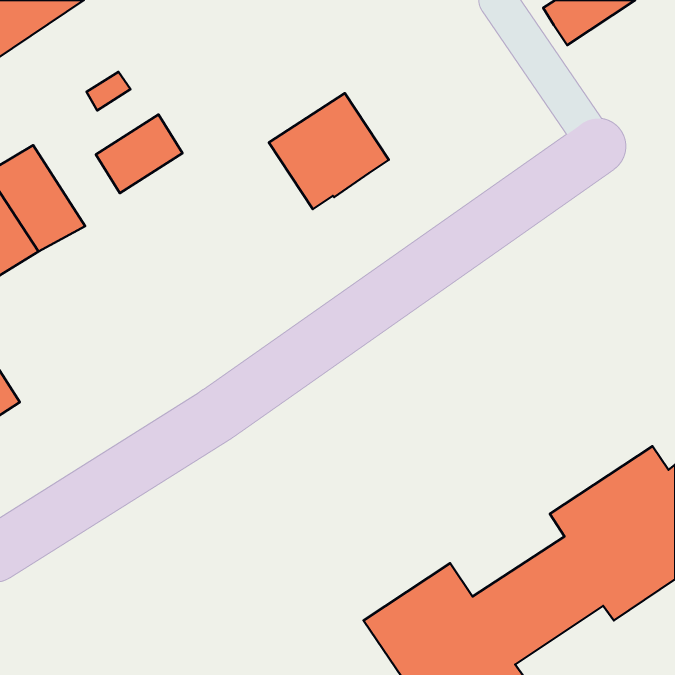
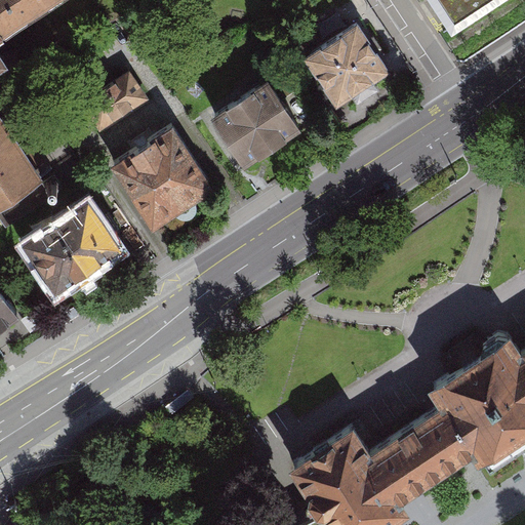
building: none -> [302,23,388,107]
building: none -> [108,123,211,227]
building: none -> [19,196,119,288]

